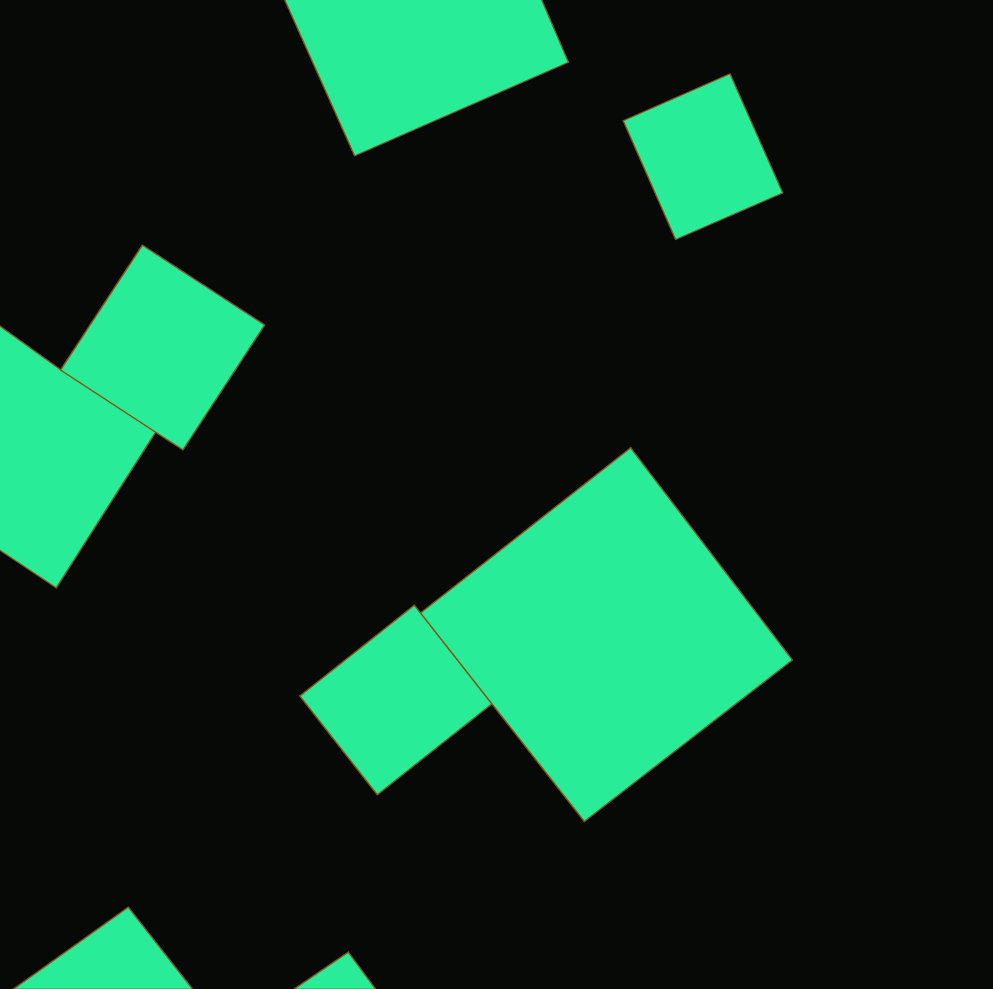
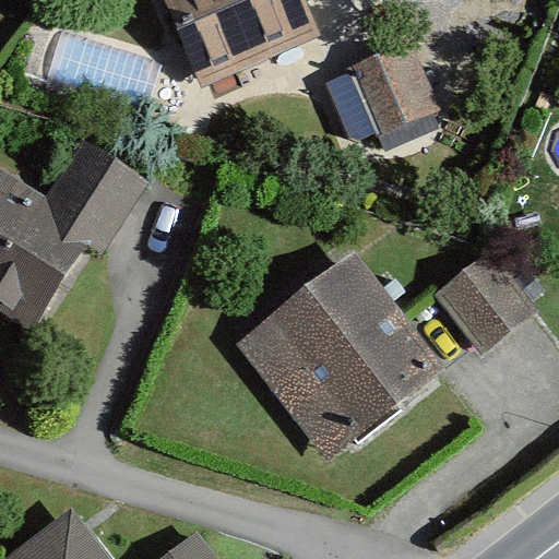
building: none -> [435,253,533,353]
building: [300,605,492,795] -> none

